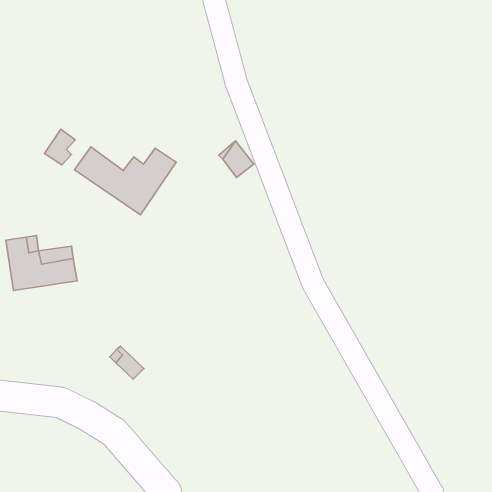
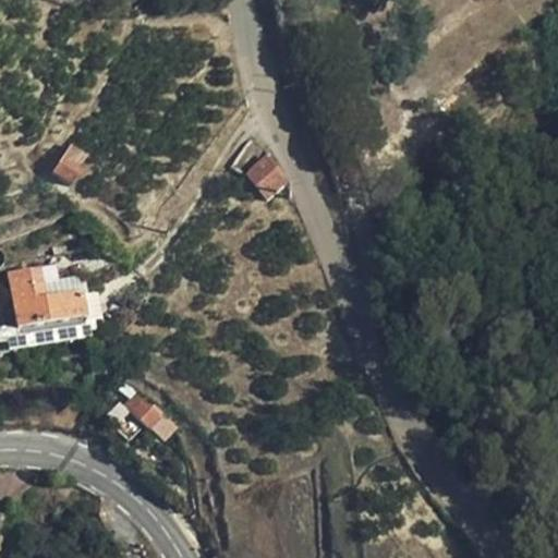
building: [74,147,176,215] -> none

